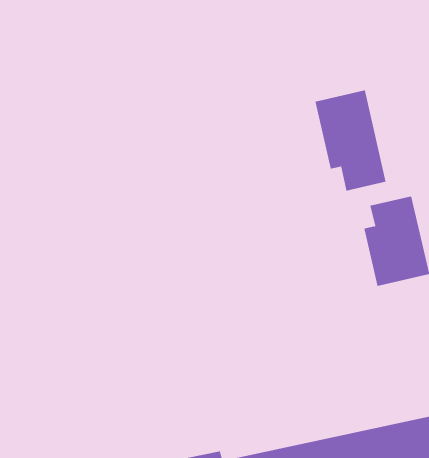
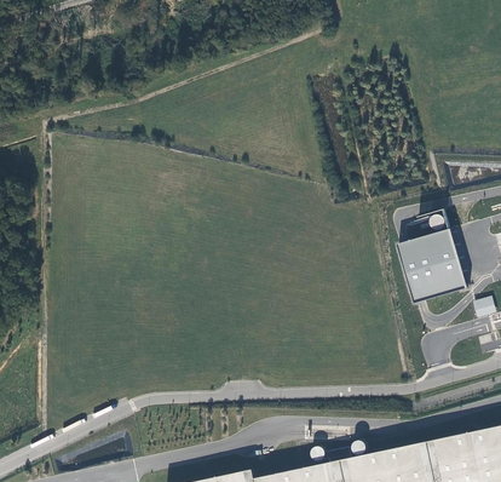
building: [315,89,386,191] -> none

